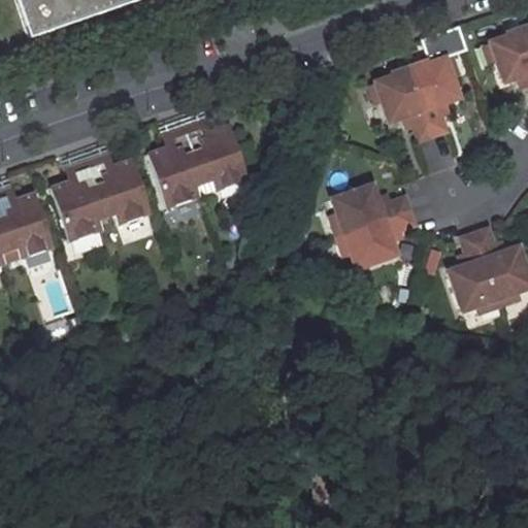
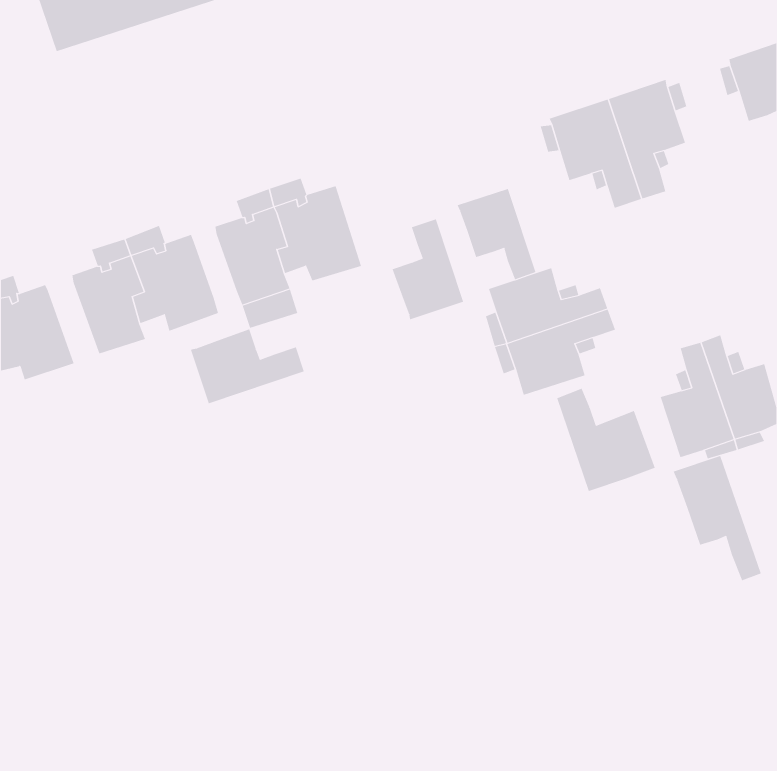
building: none -> [457,188,536,280]
building: none -> [392,219,464,320]
building: none -> [190,328,305,404]
building: none -> [556,388,656,492]
building: none -> [673,455,761,581]

